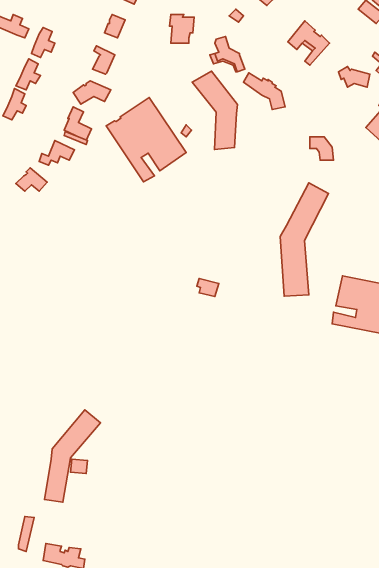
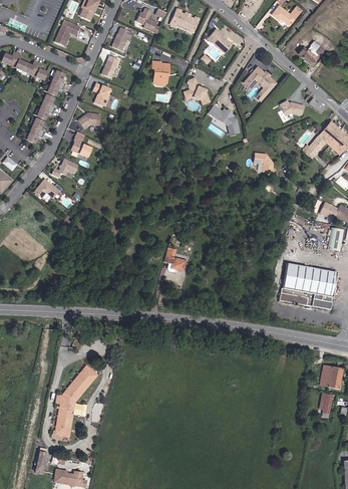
building: [192,71,237,149] -> none
building: [106,97,186,182] -> none
building: [280,183,329,296] -> none

